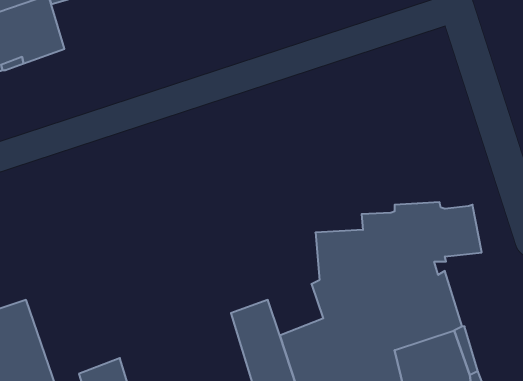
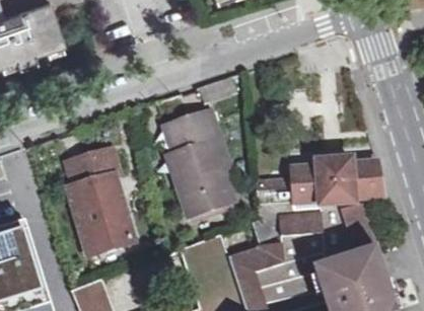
building: none -> [165,110,234,217]
building: none -> [68,149,136,255]

